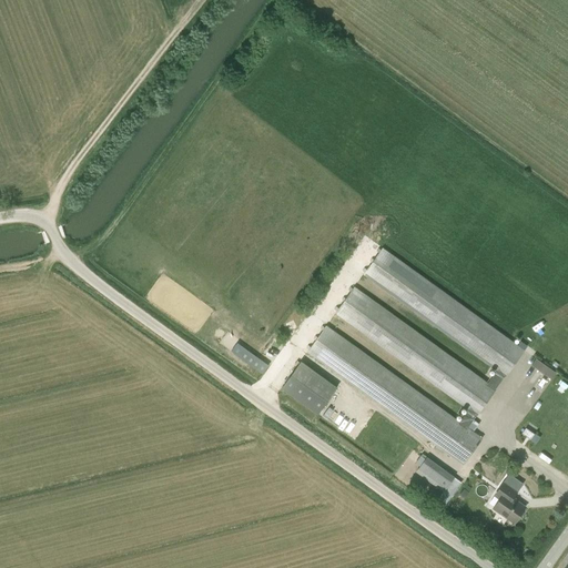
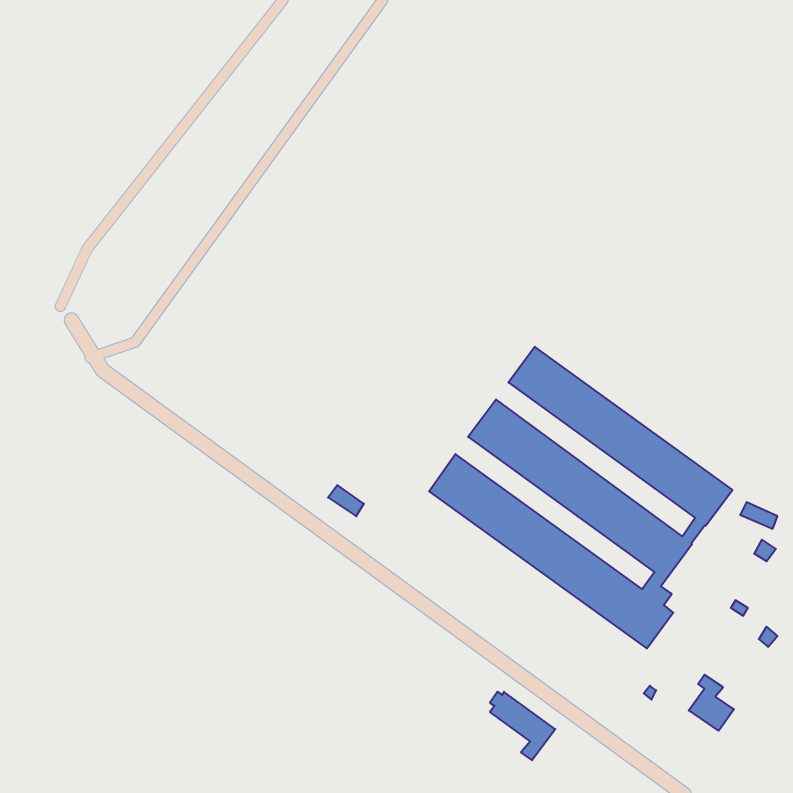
building: [283,363,338,416] -> none
building: [416,457,463,506] -> [490,692,555,760]

